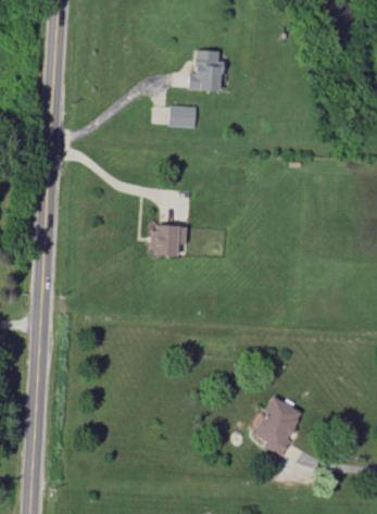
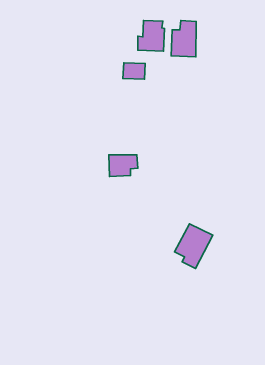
building: none -> [171,20,196,57]
building: [254,397,304,455] -> [175,224,213,269]

